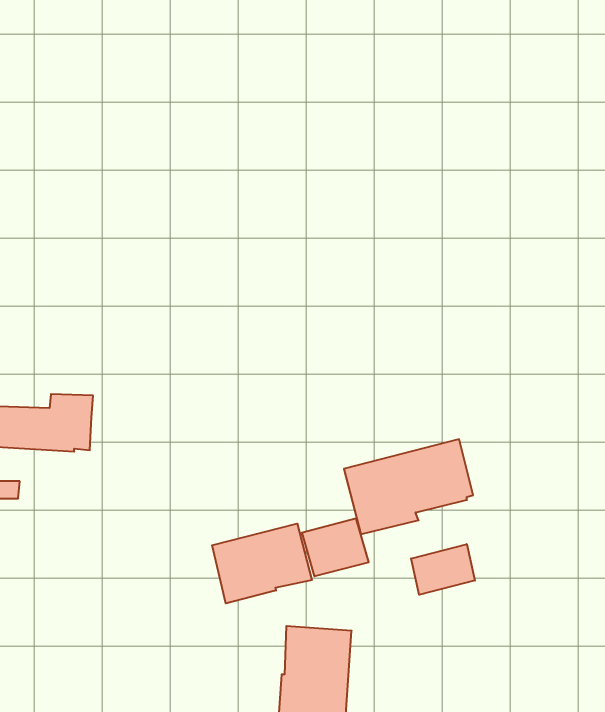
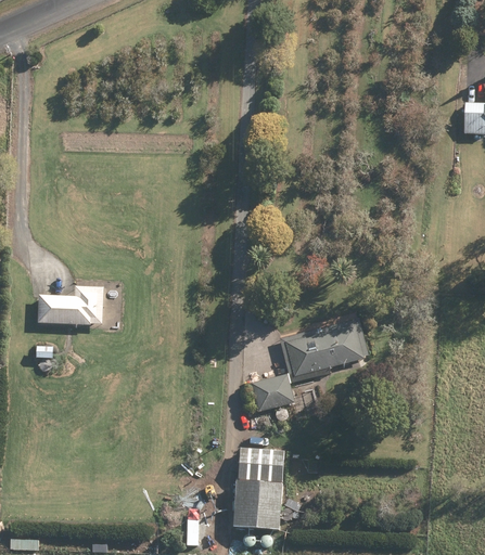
building: [212,524,312,603] -> none
building: [411,544,475,595] -> none

